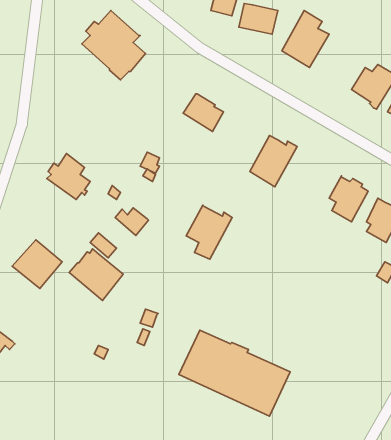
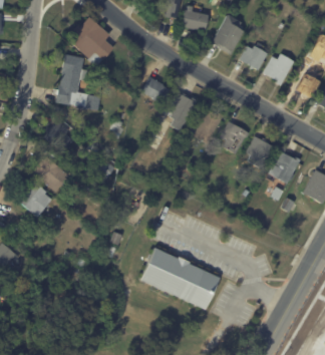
building: none -> [240,47,268,72]
building: none -> [54,54,101,110]
building: none -> [221,121,250,153]
building: [186,205,232,259] -> [166,91,199,130]
building: [69,249,123,300] -> [30,156,69,194]

